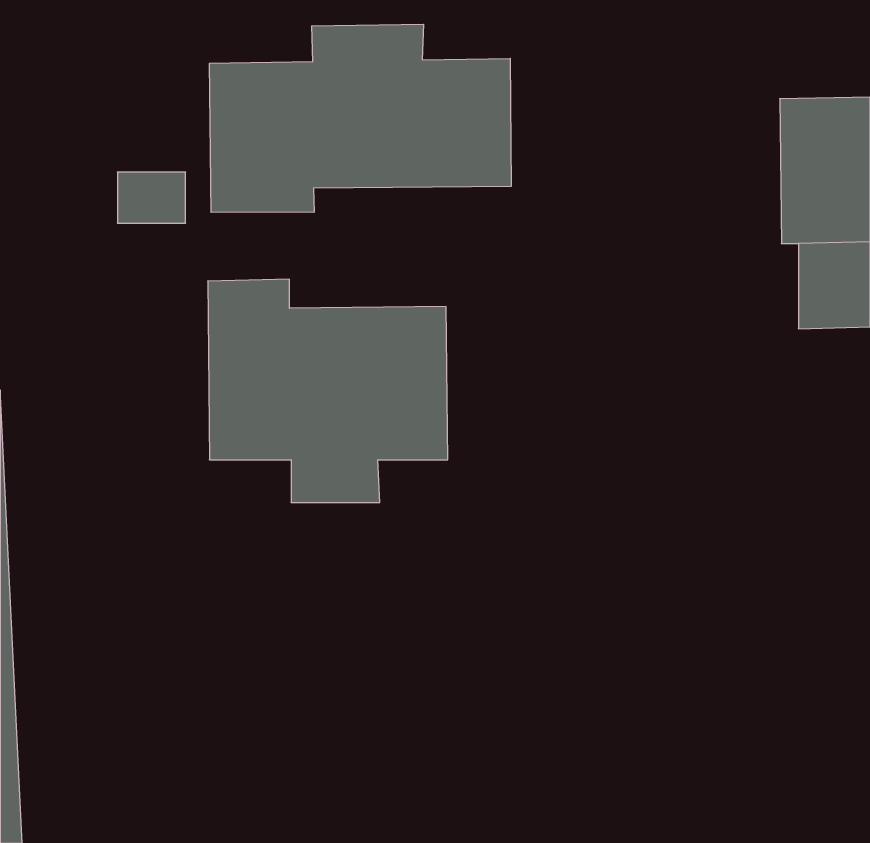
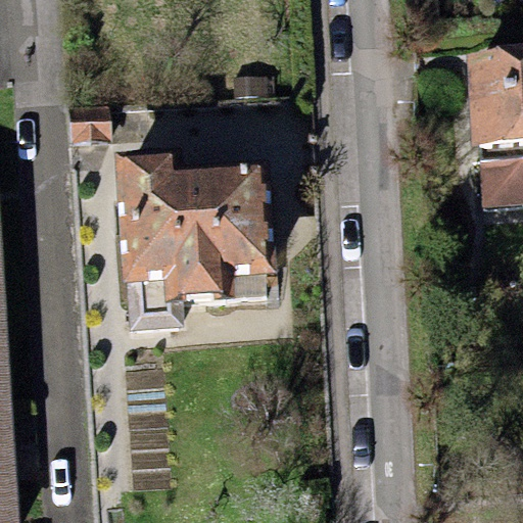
building: [210,24,511,212] -> none

